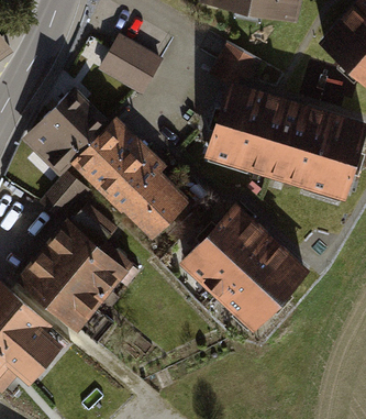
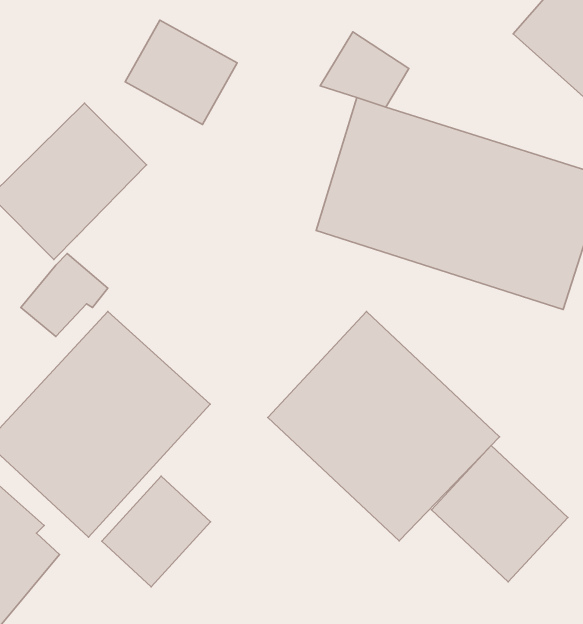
building: [70,113,190,238] -> none
building: none -> [432,445,568,582]
building: none -> [102,476,211,587]

